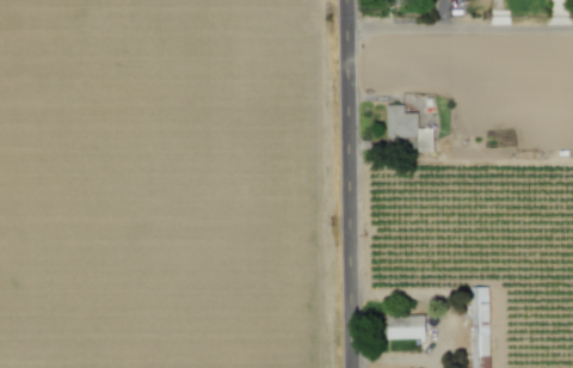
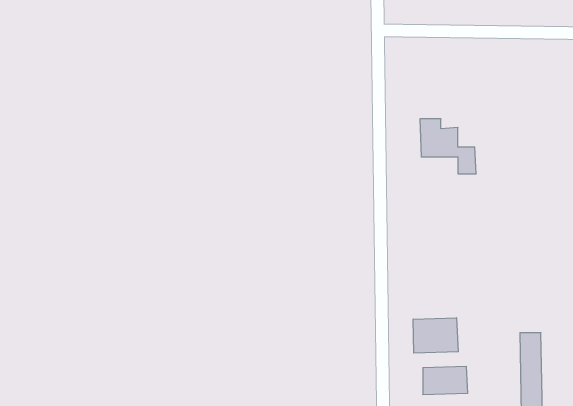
building: none -> [413,318,458,353]

